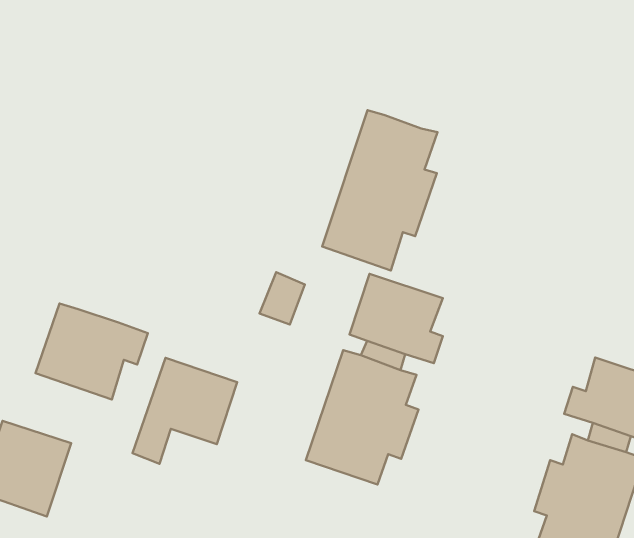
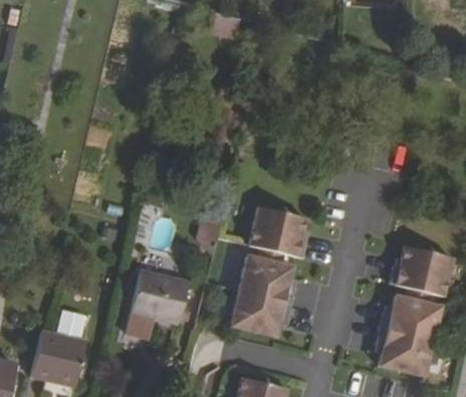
building: [322,110,437,270] -> none
building: [35,303,148,399] -> none

